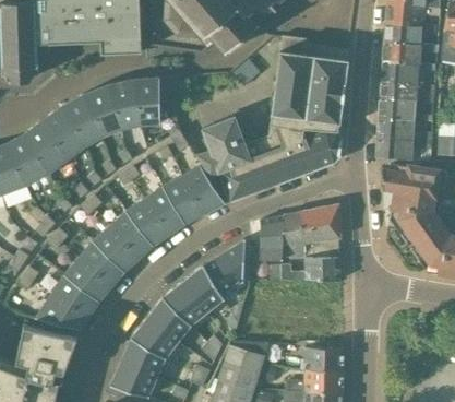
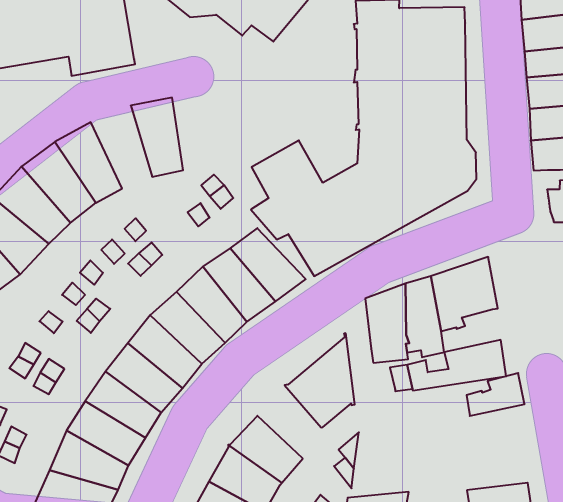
building: [107,79,140,129] -> none
building: [303,238,338,260] -> [467,373,525,416]
building: [182,265,225,312] -> none

